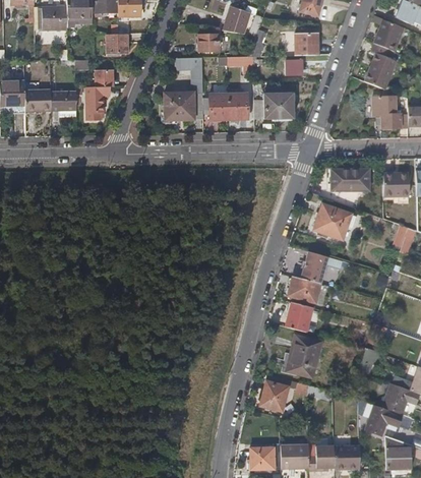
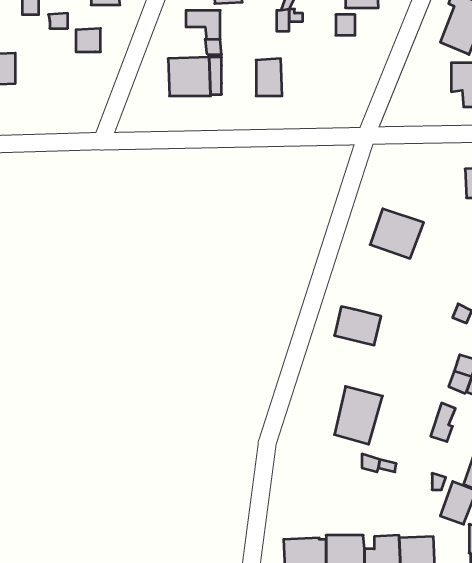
building: [85,87,109,120] -> none
building: [50,92,75,111] -> none
building: [208,94,228,120] -> none
building: [262,94,293,119] -> none
building: [330,169,369,190] -> none
building: [300,251,327,283] -> none
building: [288,302,312,332] -> none
building: [258,379,288,412] -> none

